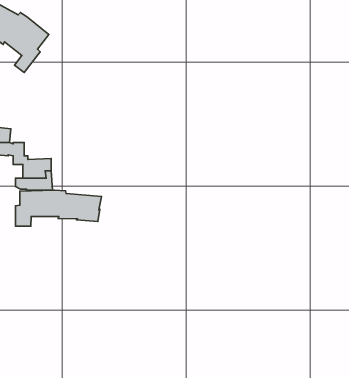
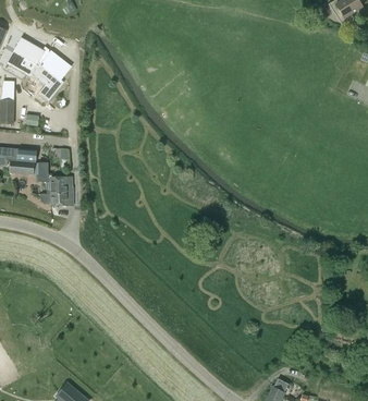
building: [15,190,101,226] -> none

